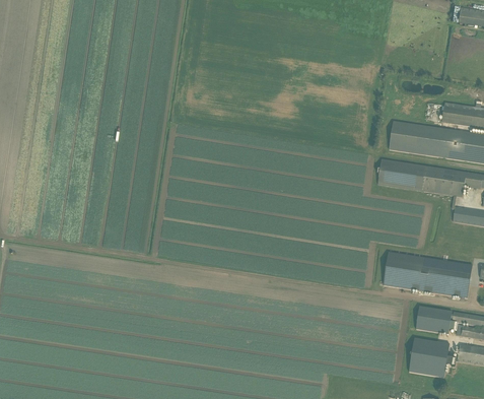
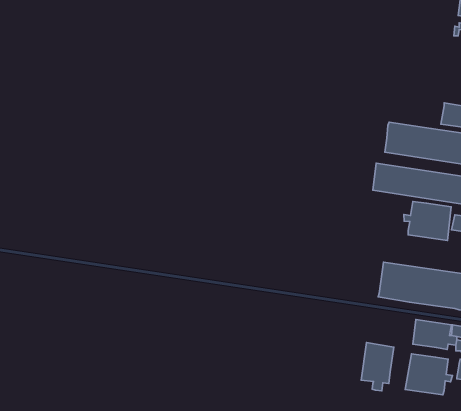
building: none -> [404,201,451,241]
building: none -> [361,343,394,391]

